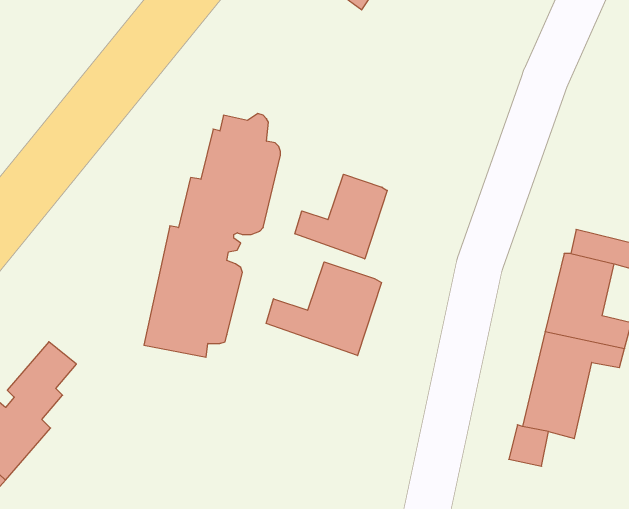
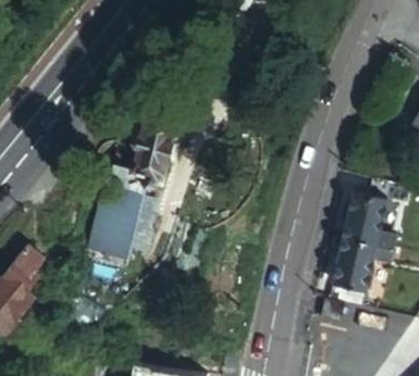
building: [295,174,387,259] -> none
building: [266,262,381,356] -> none

